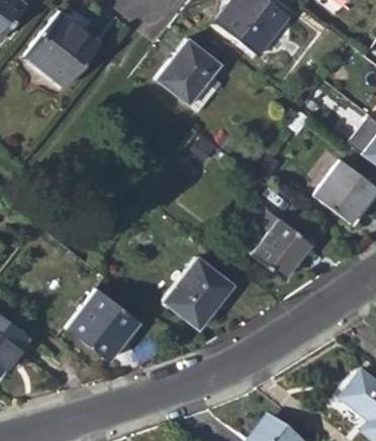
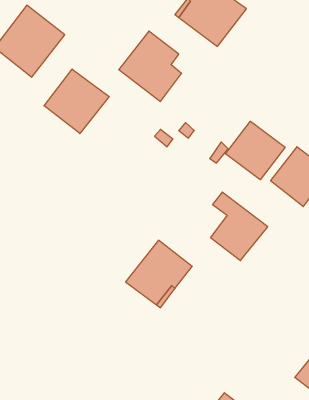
building: none -> [44,69,109,134]
building: none -> [225,121,285,180]
building: [67,287,140,360] -> none

